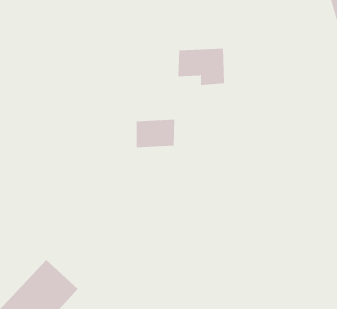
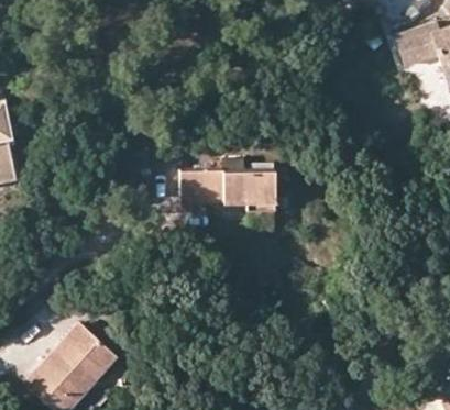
building: [178,48,225,86] -> [223,167,276,209]

